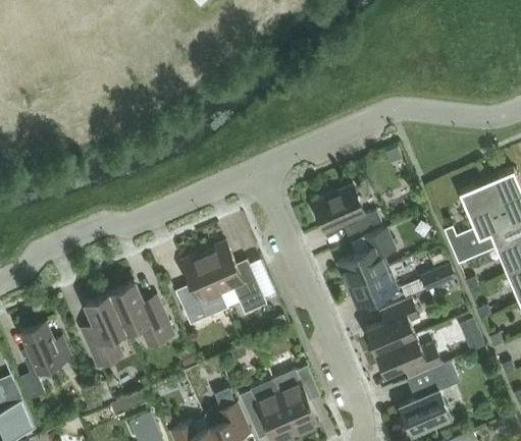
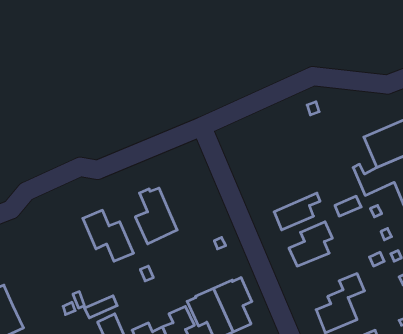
building: [313,186,381,237] -> none
building: [337,228,395,285] -> none
building: [205,242,266,314] -> none
building: [82,293,126,368] -> none
building: [18,324,70,402] -> none
building: [376,336,441,378] -> none

